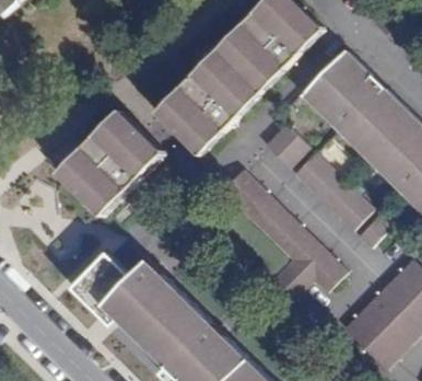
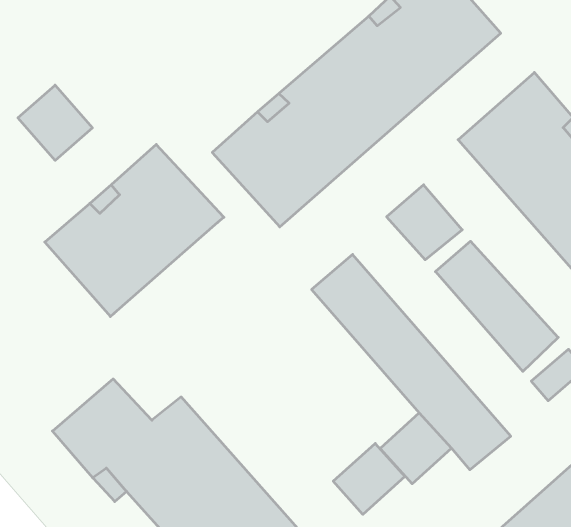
building: none -> [18,85,92,160]
building: none -> [333,443,405,514]

